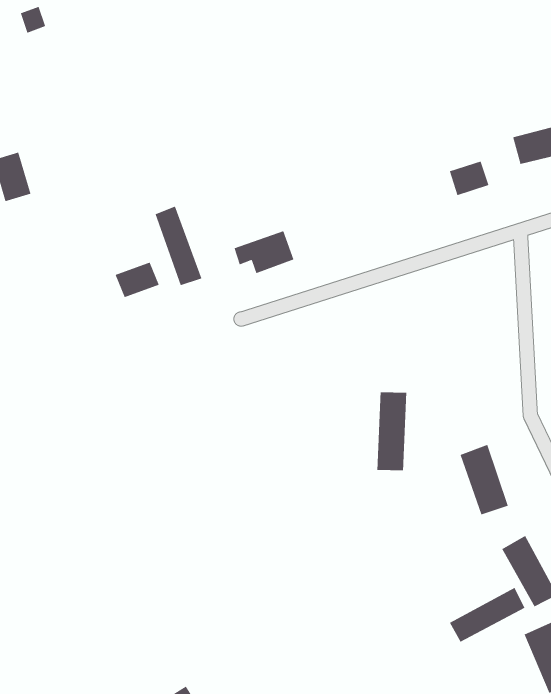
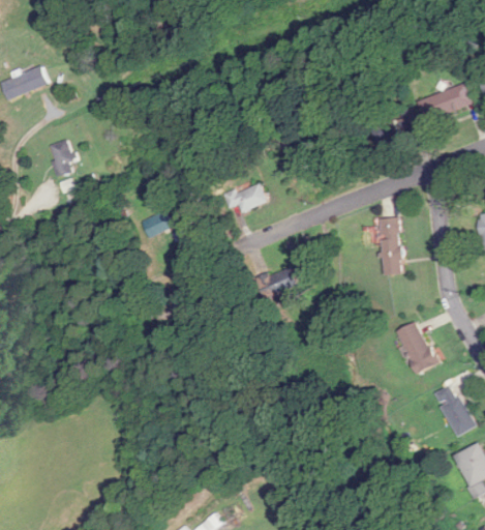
building: [154,205,202,286] -> none
building: none -> [251,266,297,300]
building: [377,391,407,471] -> [380,217,401,275]
building: [449,587,525,643] -> none

